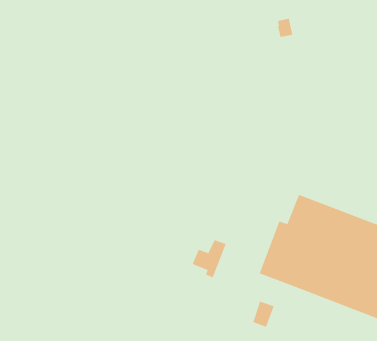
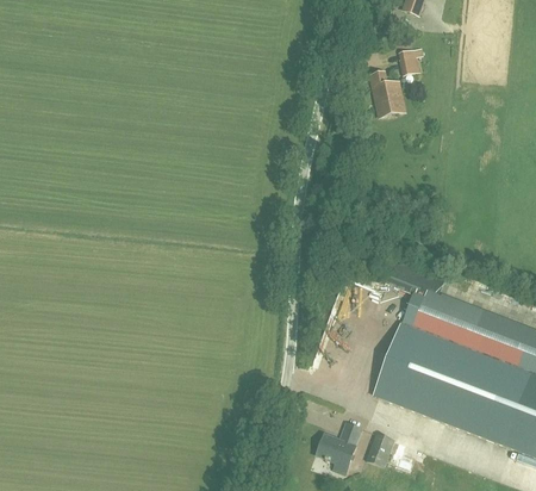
building: none -> [369,73,404,117]
building: [192,239,226,278] -> [316,421,362,473]

